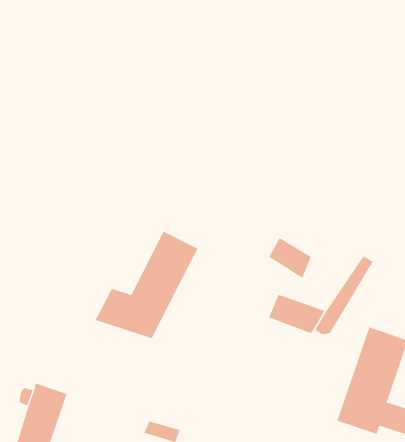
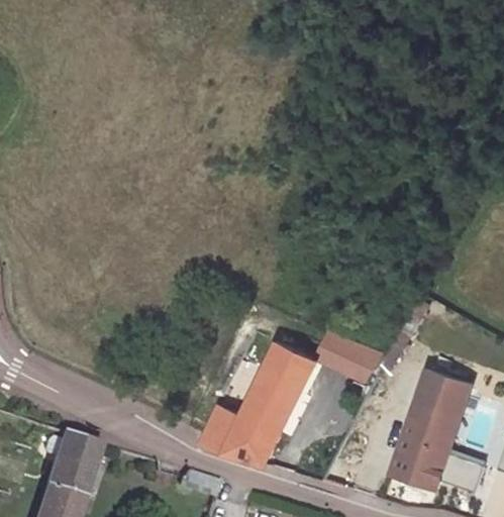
building: [95,231,198,339] -> [201,344,314,462]
building: [269,237,312,279] -> none

